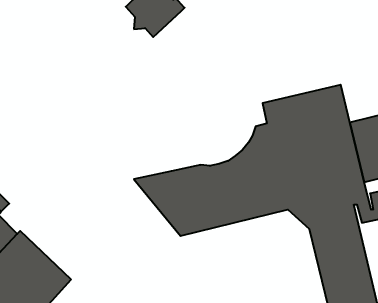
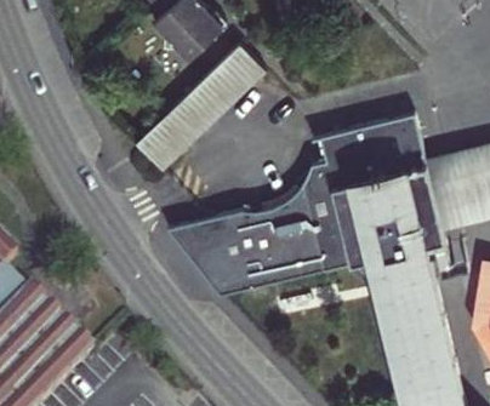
building: none -> [133,45,263,171]

